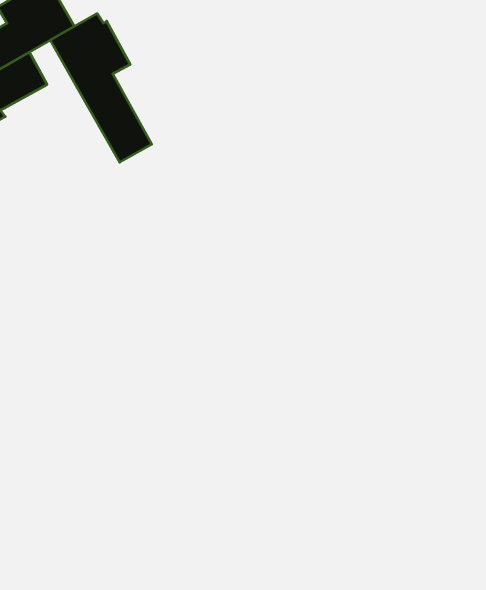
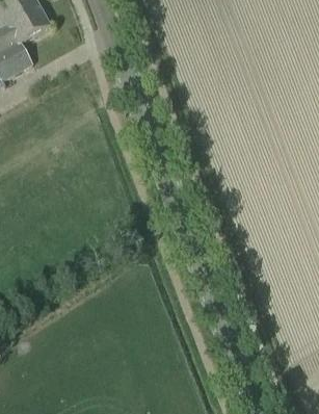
building: [50,14,152,162] -> none

